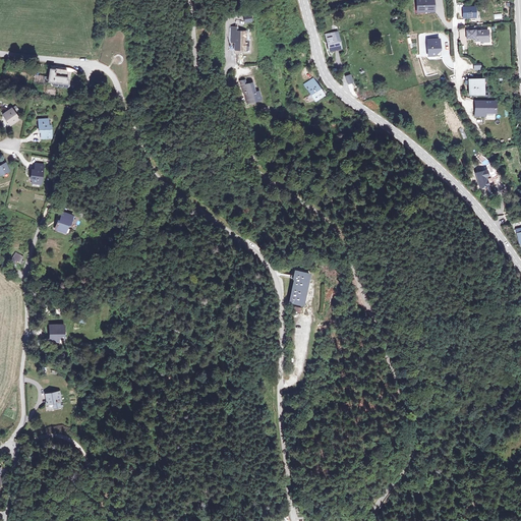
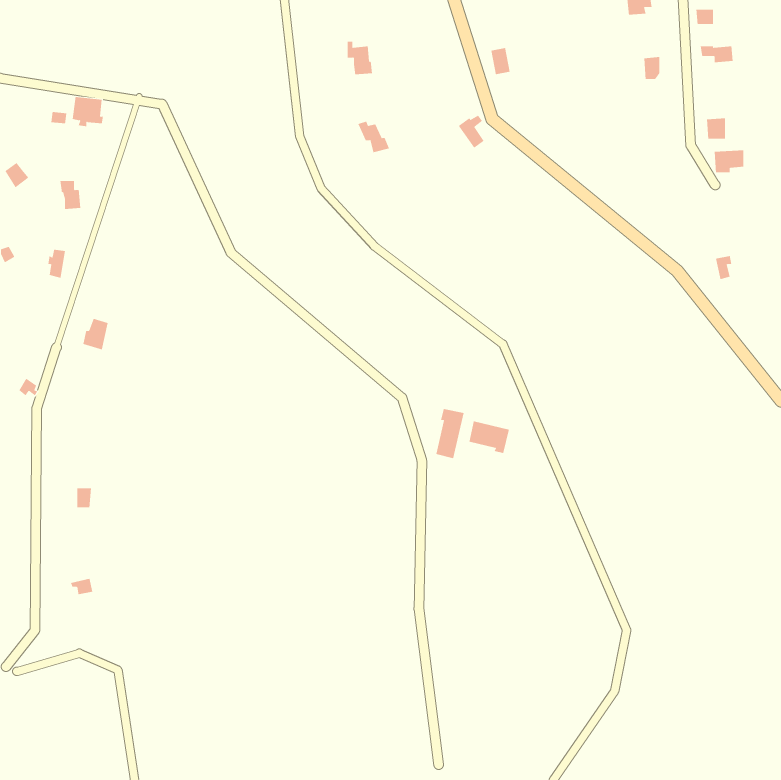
building: none -> [469,421,510,454]

